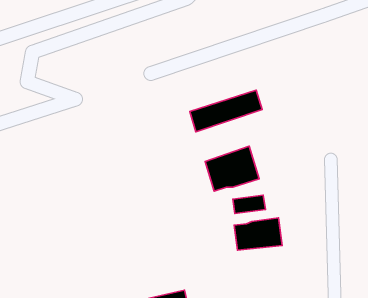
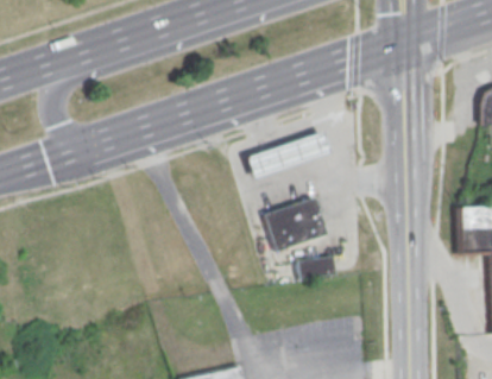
building: [234,218,282,250] -> none

